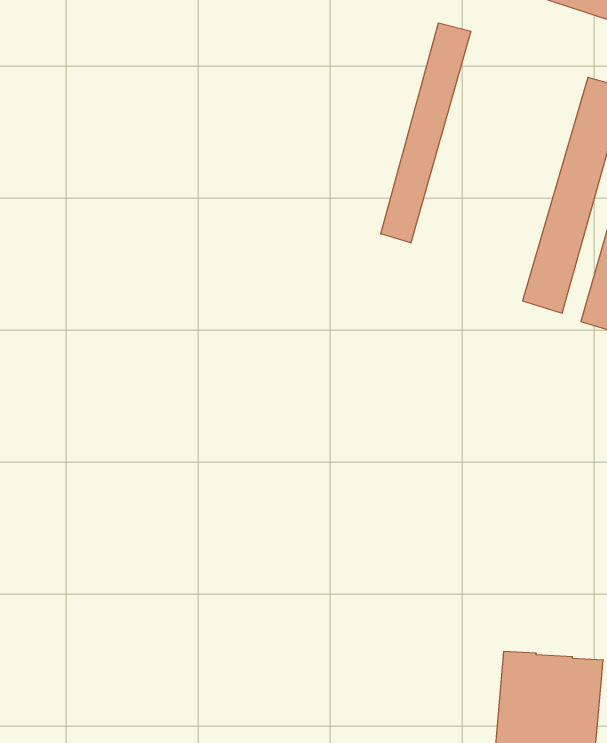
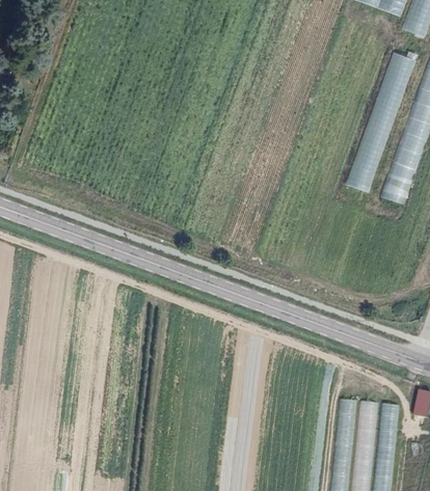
building: [381,23,471,243] -> none

